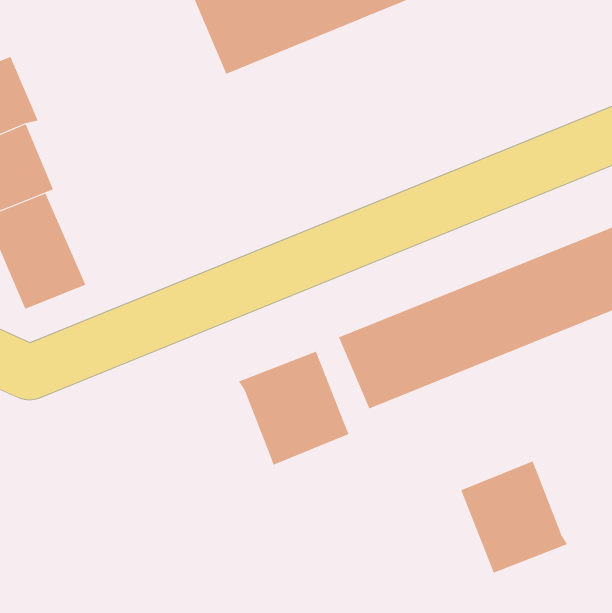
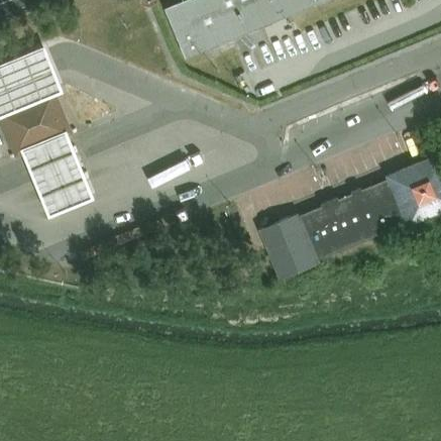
building: [238,351,349,466] -> none
building: [461,460,568,573] -> none

